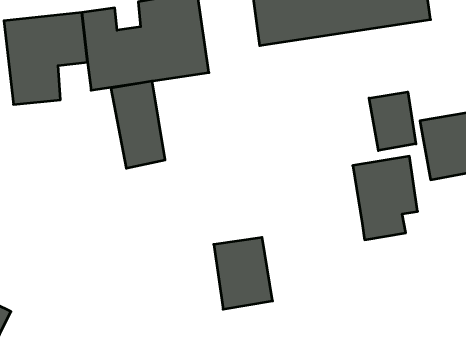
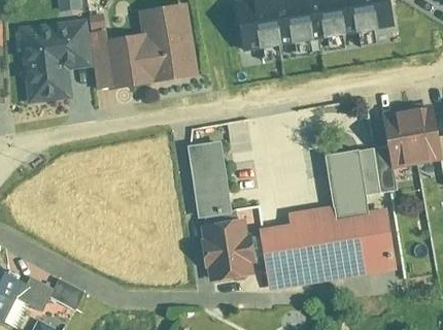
building: [111,81,165,168] -> [185,142,233,219]
building: [369,92,416,151] -> none
building: none -> [258,206,397,278]

